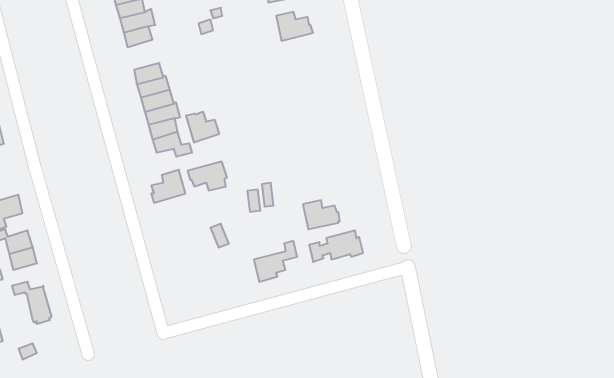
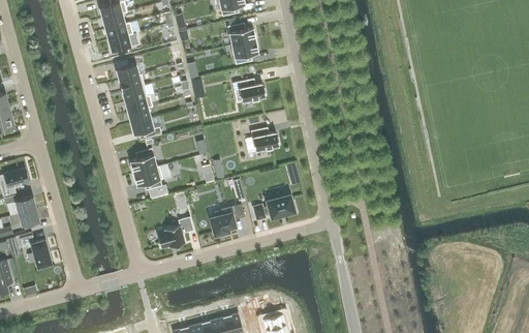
building: none -> [231,40,257,65]
building: none -> [231,80,266,102]
building: [186,112,219,143] -> none
building: [188,162,227,191] -> [131,166,162,189]
building: [303,200,340,229] -> [250,128,279,151]
building: none -> [156,216,193,248]

